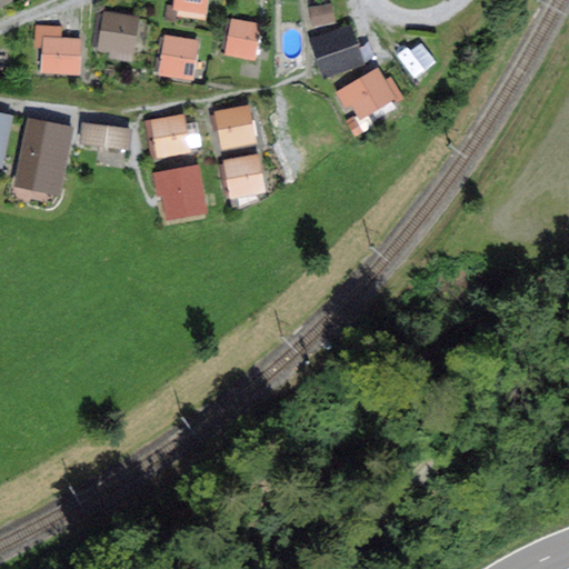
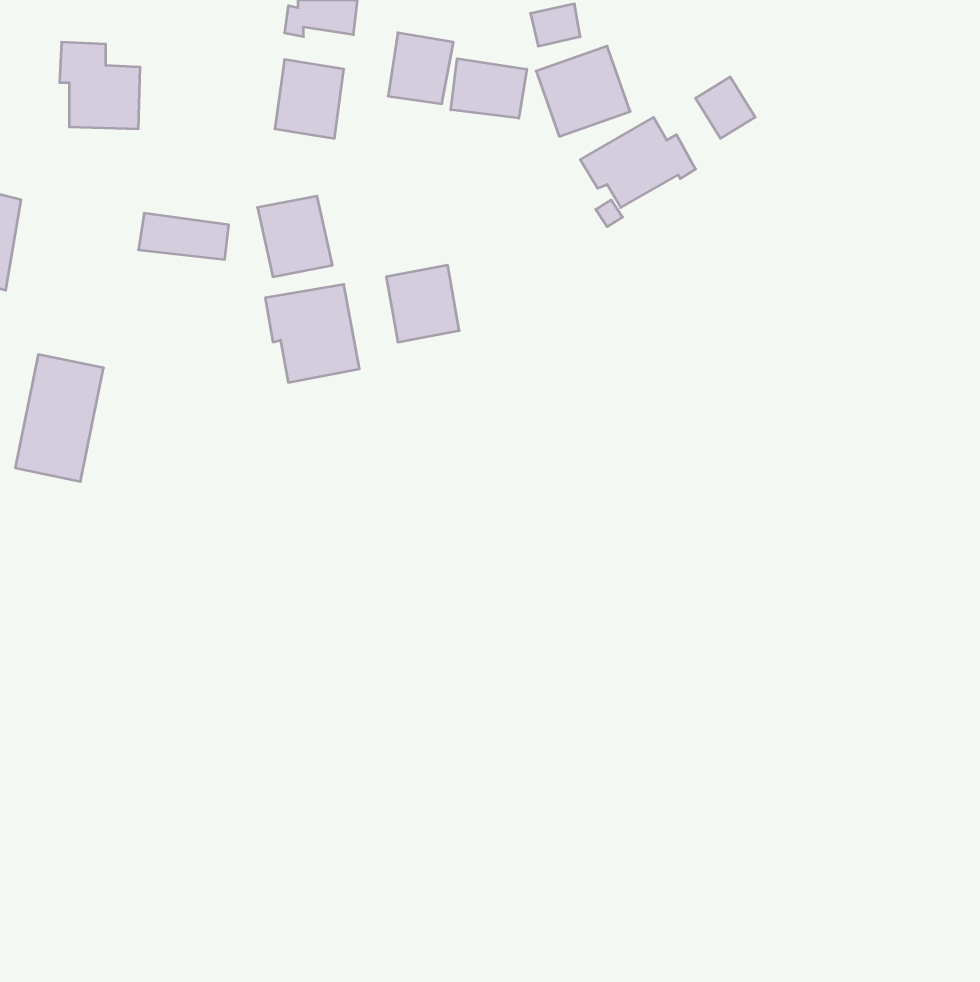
building: [99,12,140,53] -> none
building: none -> [451,59,527,118]
building: [214,104,257,150] -> none
building: [13,118,64,191] -> [15,355,104,481]

